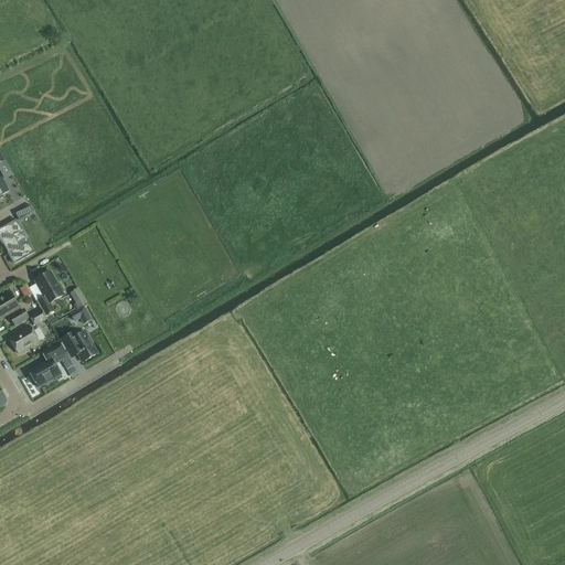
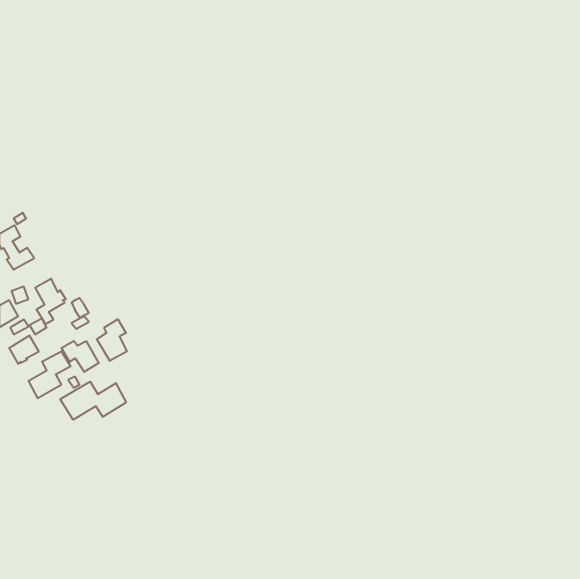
building: none -> [97,319,127,361]
building: none -> [60,382,126,420]

